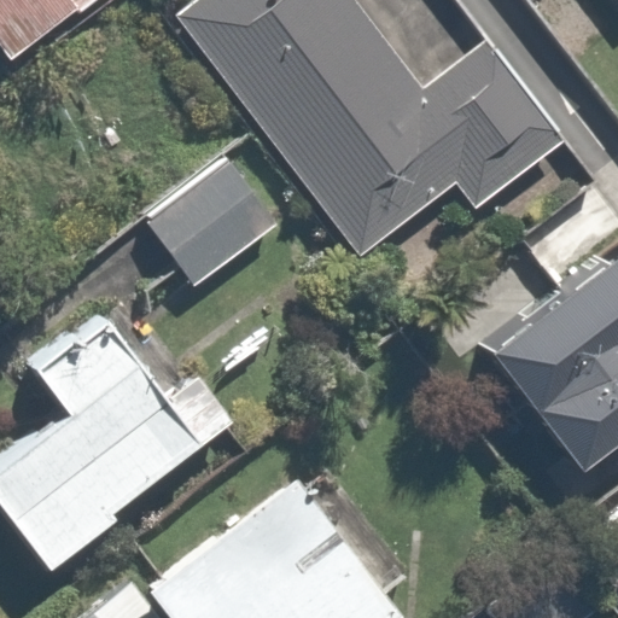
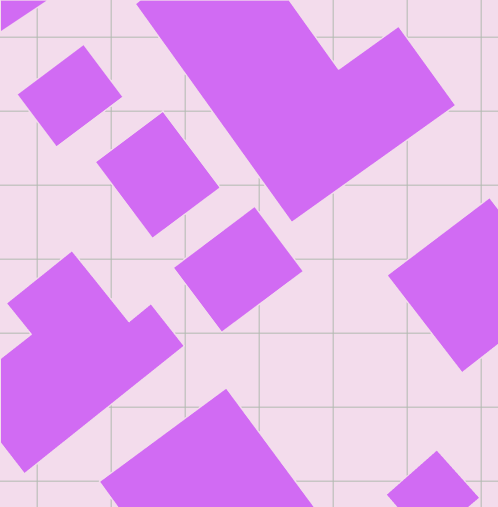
building: none -> [17,44,123,147]
building: none -> [173,206,303,332]

